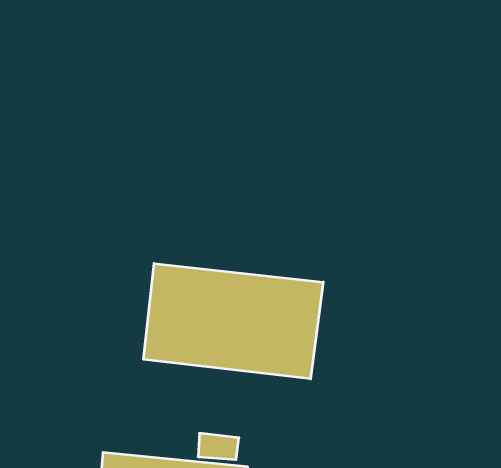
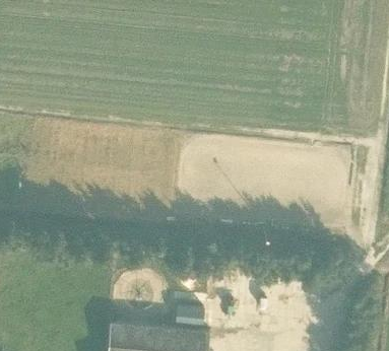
building: [144,263,323,379] -> none

